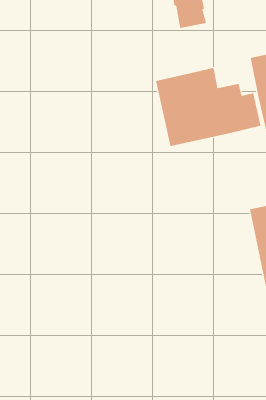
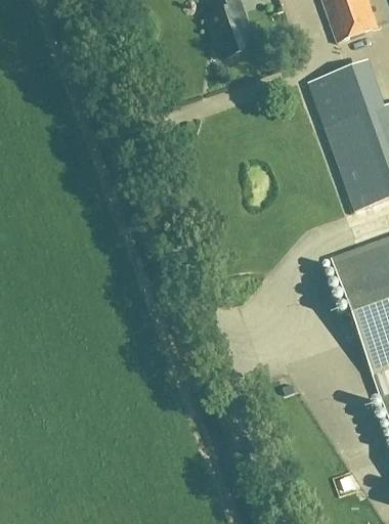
building: [155,67,261,147] -> none

